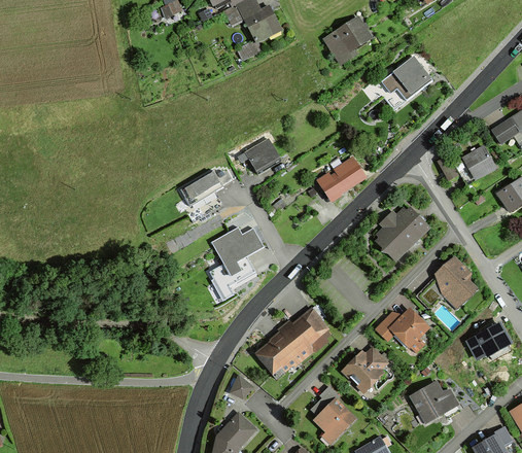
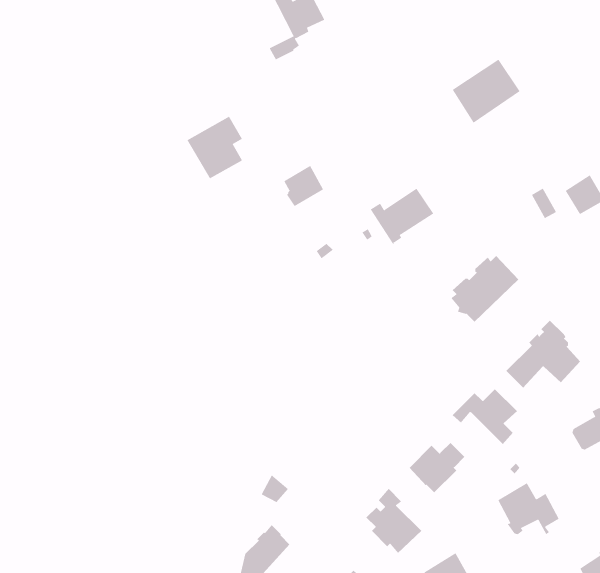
building: [326,19,370,58] -> none
building: [179,170,222,218] -> [186,116,243,179]
building: [211,226,266,300] -> none
building: [257,312,329,379] -> none

